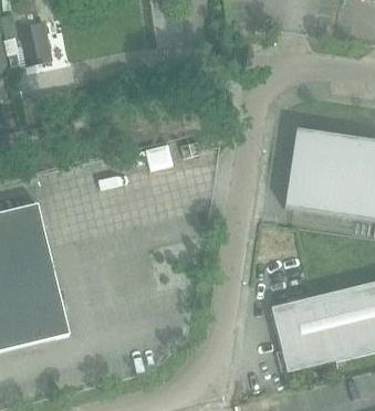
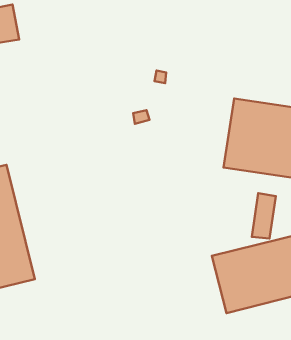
building: none -> [252,193,276,239]

